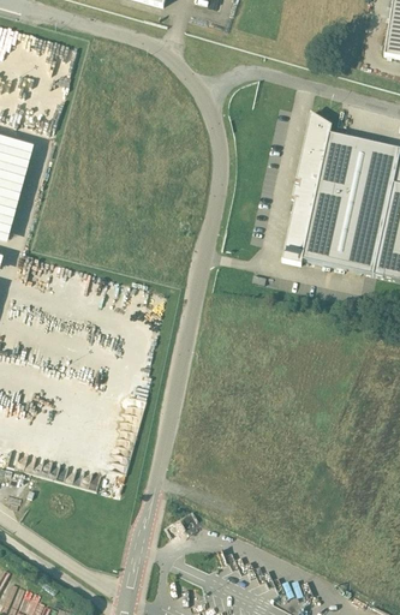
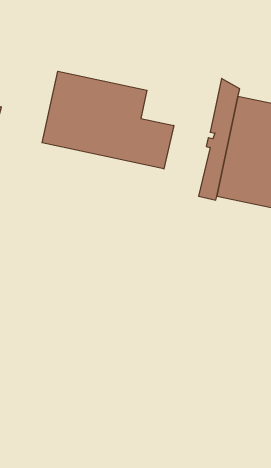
building: none -> [42,71,174,169]

